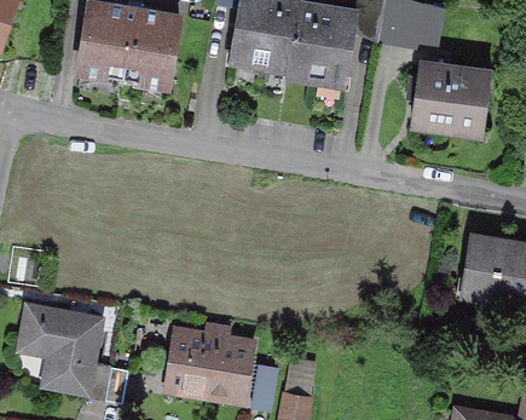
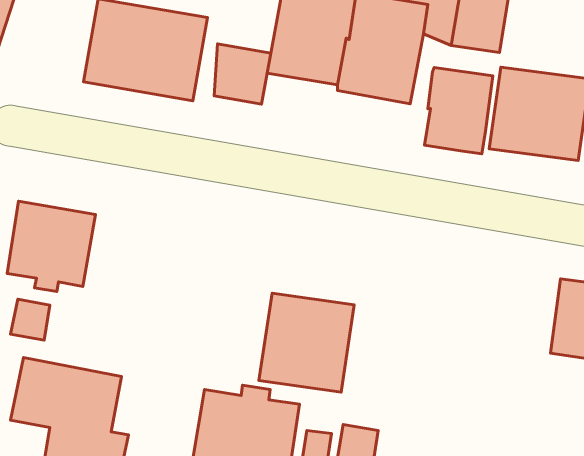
building: none -> [214,44,271,104]
building: none -> [424,68,493,154]
building: none -> [7,201,95,291]
building: none -> [259,293,354,392]

